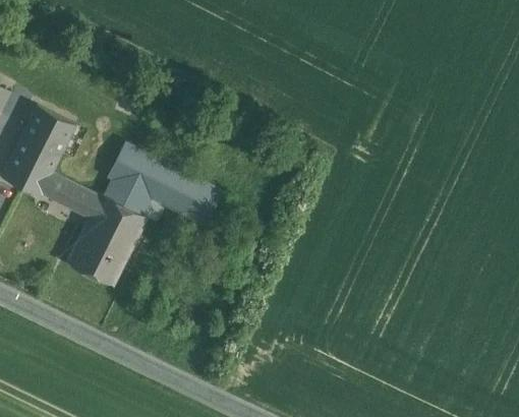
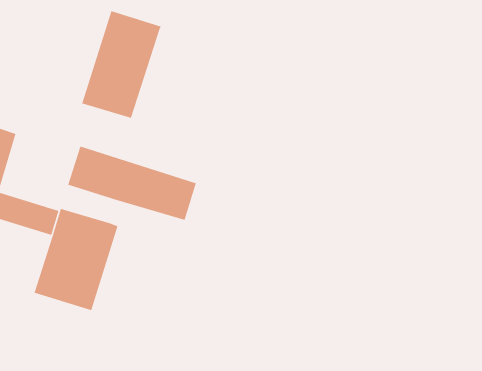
building: none -> [81,10,162,119]
building: [104,178,149,214] -> none

